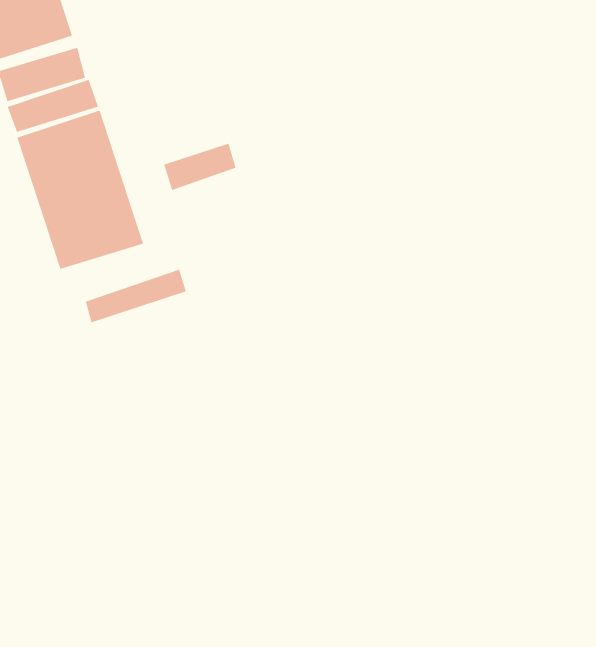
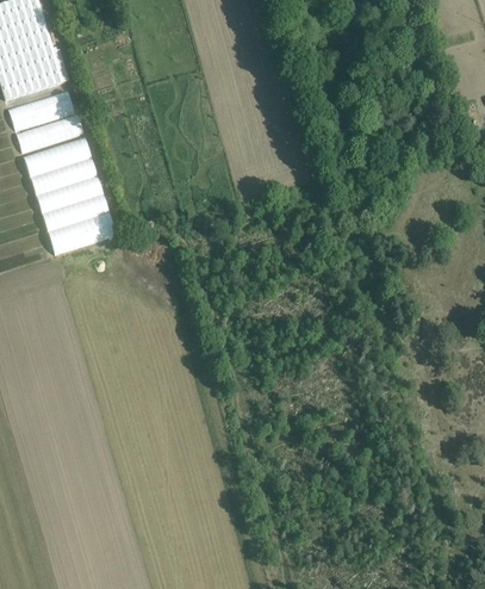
building: [164,143,236,191] -> none
building: [85,269,186,323] -> none

